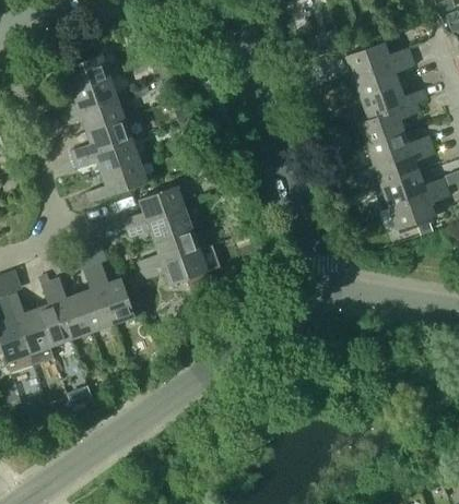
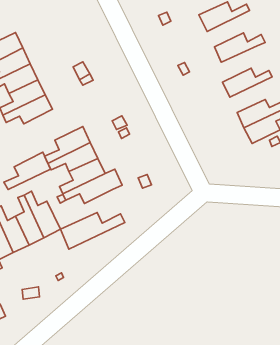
building: [352,56,413,98] -> none
building: [356,103,419,145] -> none
building: [373,145,434,187] -> none
building: [85,158,148,202] -> [4,152,50,189]
building: none -> [60,212,125,249]

